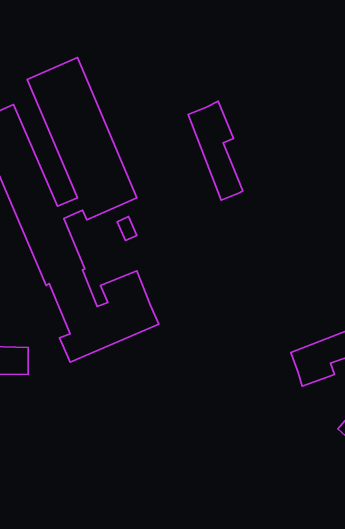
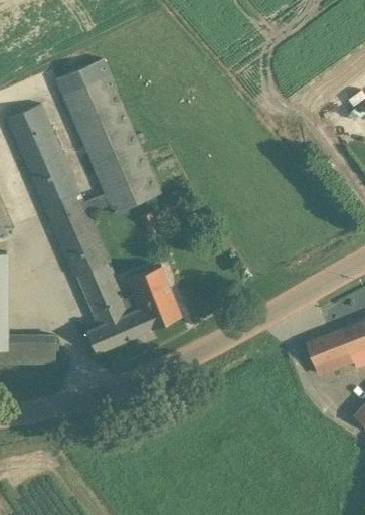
building: [188,101,243,200] -> none

